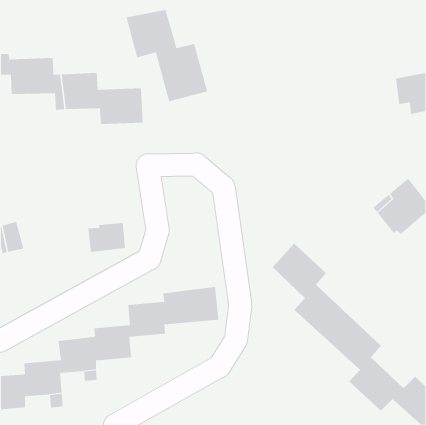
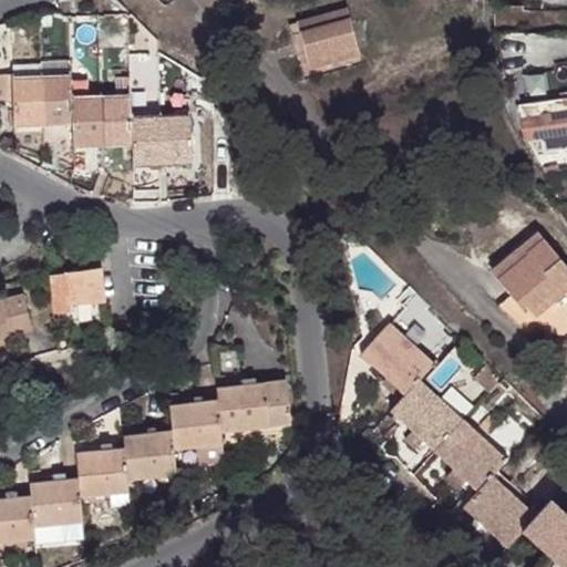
building: [126,9,208,102] -> none
building: none -> [300,19,359,66]
building: [88,222,126,252] -> [53,268,104,308]

